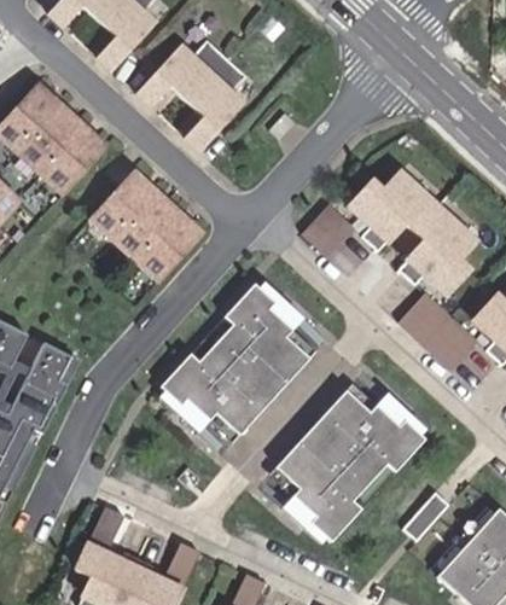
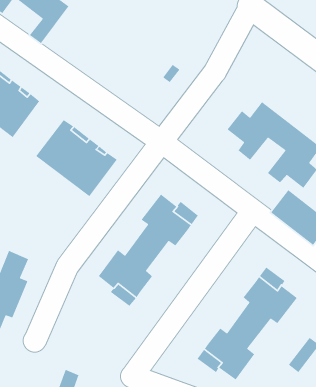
building: [136,40,246,150] -> none
building: [301,204,354,257] -> none
building: [215,337,309,435] -> none
building: [274,391,368,489] -> none

